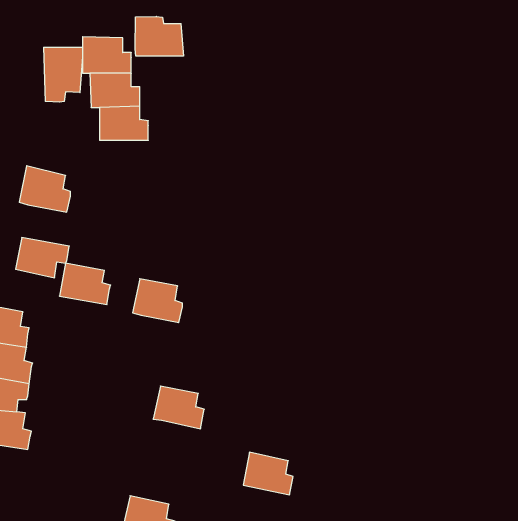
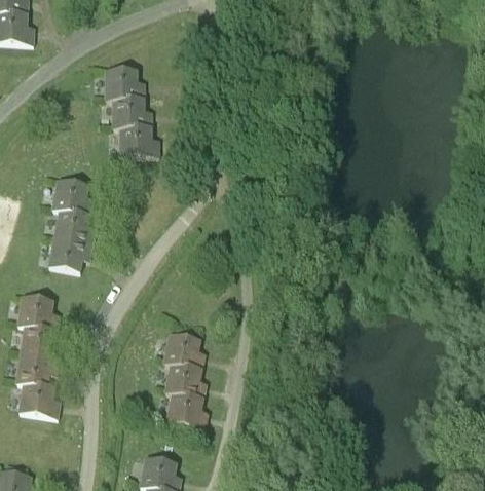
building: [135,16,183,56] -> none
building: [44,47,83,102] -> none
building: [59,263,111,305] -> [52,211,96,245]
building: [133,279,182,323] -> [162,333,204,370]
building: [243,452,293,495] -> [165,392,208,428]

